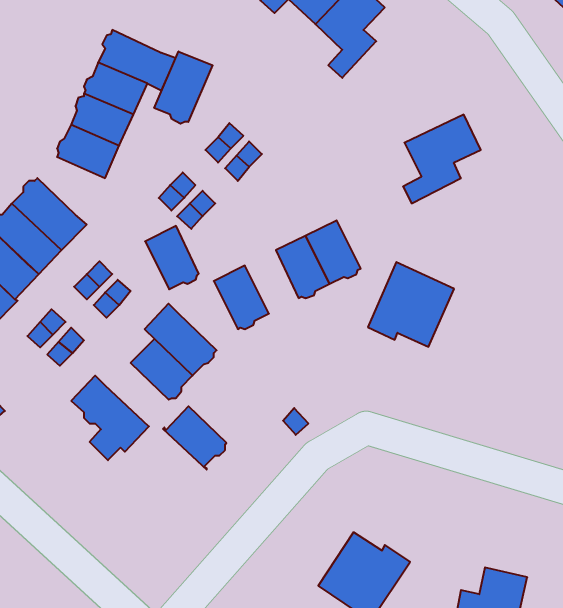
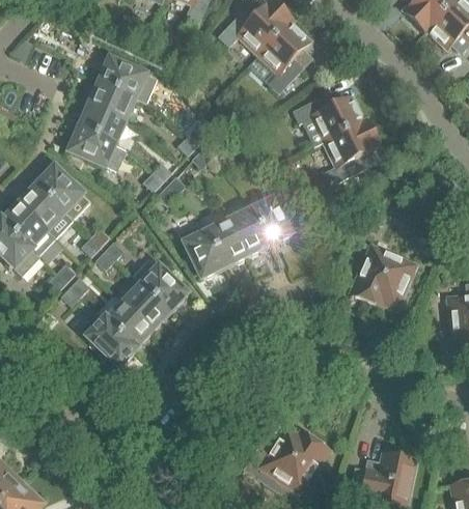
building: [154,51,213,124] -> none
building: none -> [292,94,367,141]
building: [145,226,199,289] -> [206,220,246,266]
building: [368,262,454,347] -> [351,246,414,308]
building: [163,406,226,470] -> [104,303,150,349]

